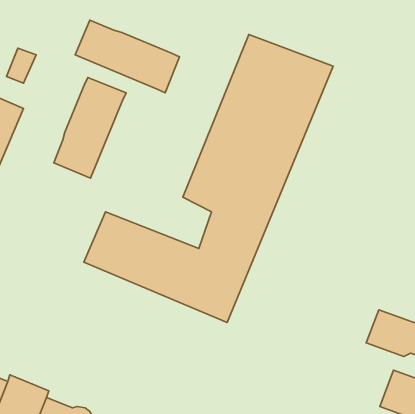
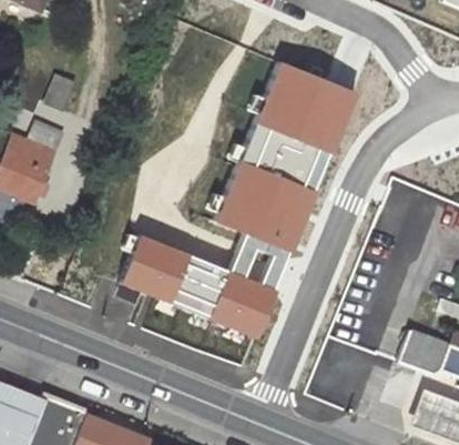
building: [75,20,180,93] -> none
building: [54,78,126,178] -> none

